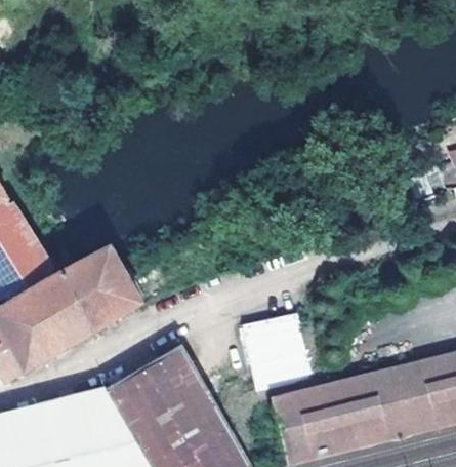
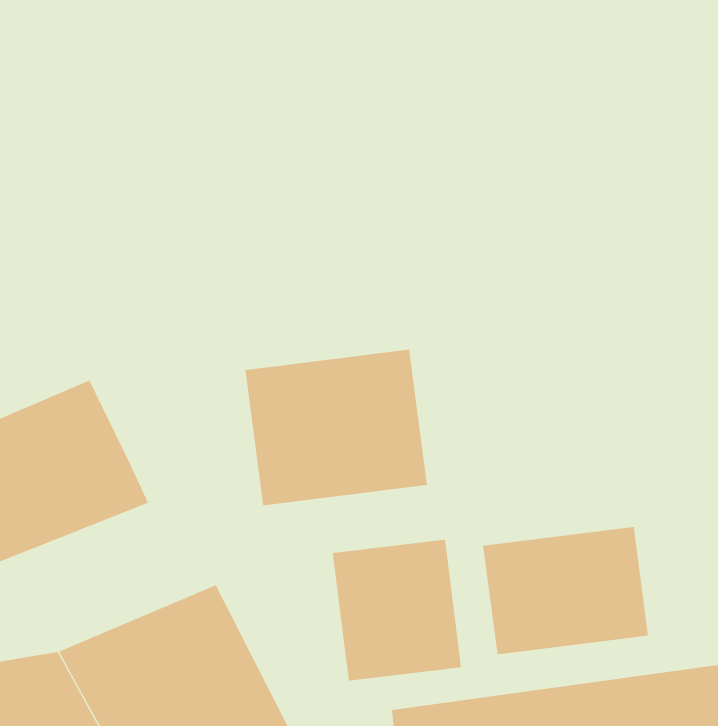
building: none -> [245,349,428,506]
building: none -> [483,526,649,655]

